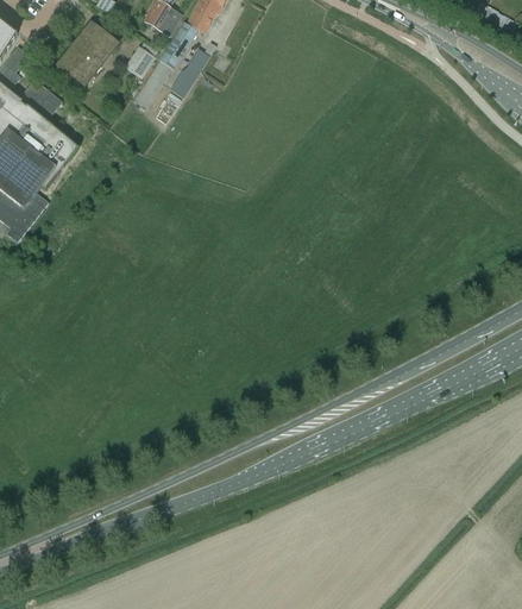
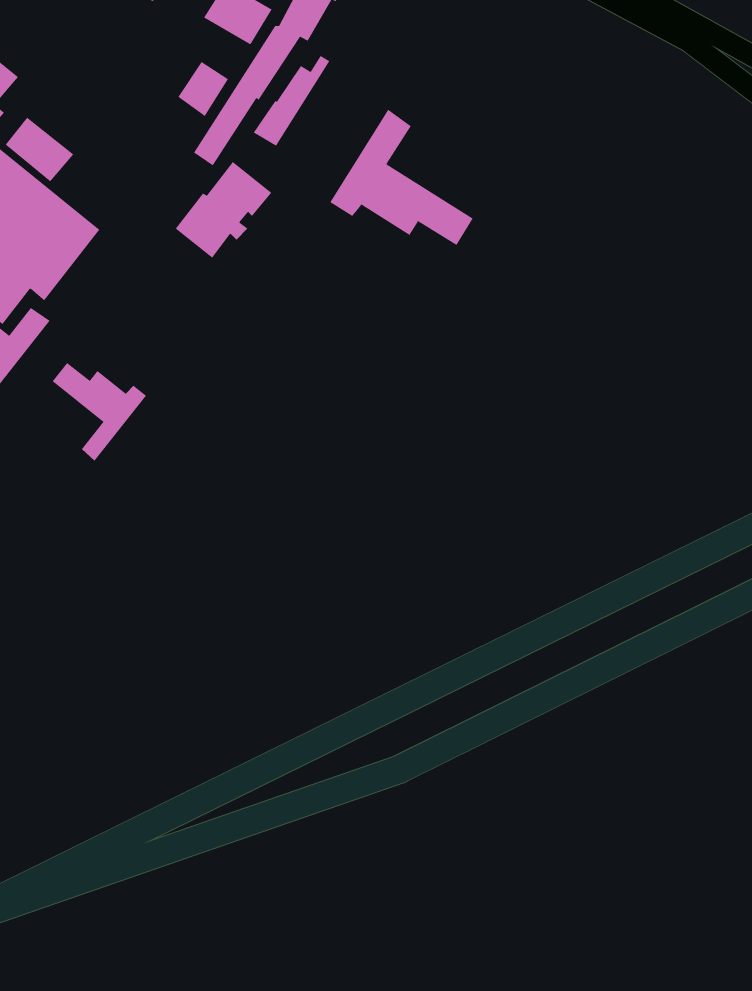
building: [57,23,115,81] -> [175,161,272,258]
building: none -> [330,109,474,246]
building: none -> [52,362,147,462]

